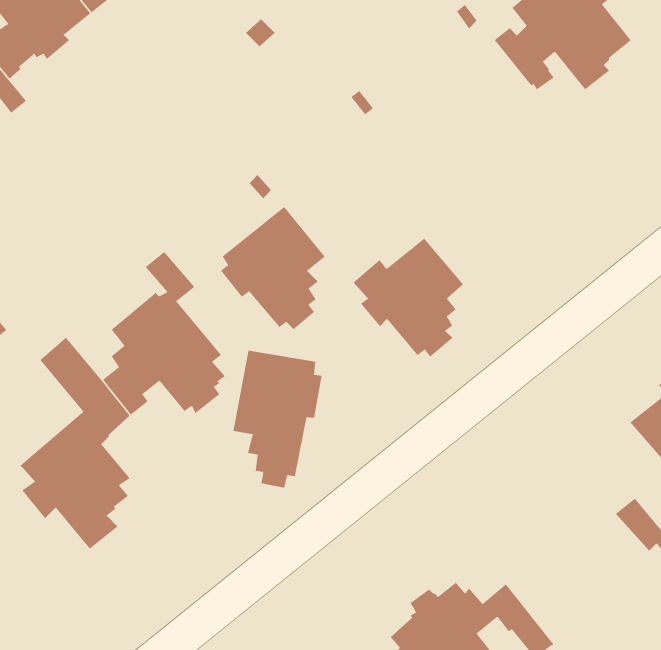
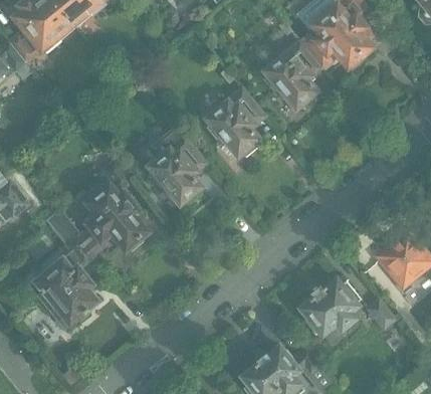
building: none -> [257,38,319,108]
building: [353,238,464,358] -> [200,88,262,156]
building: [233,350,322,488] -> none
building: none -> [298,277,360,343]

